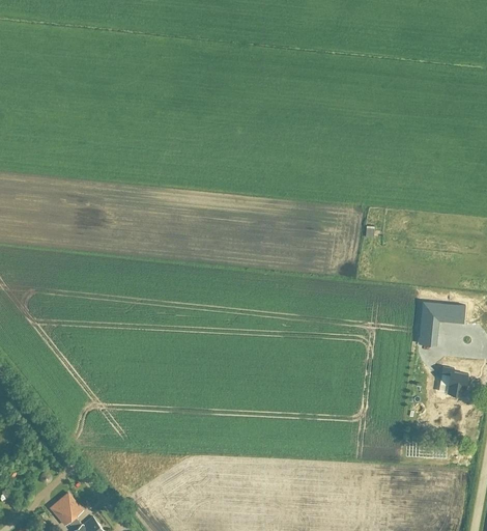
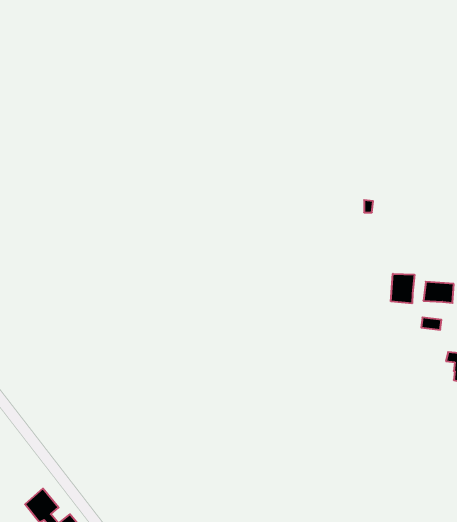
building: none -> [391,274,414,303]

